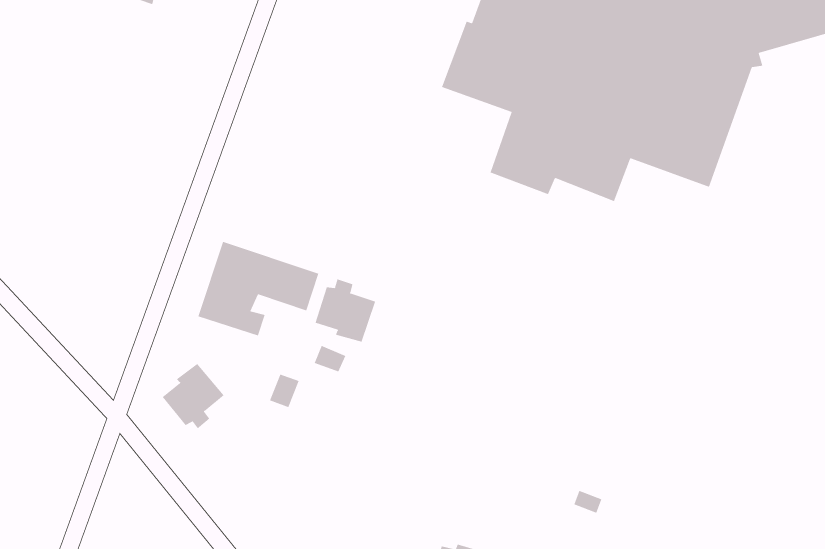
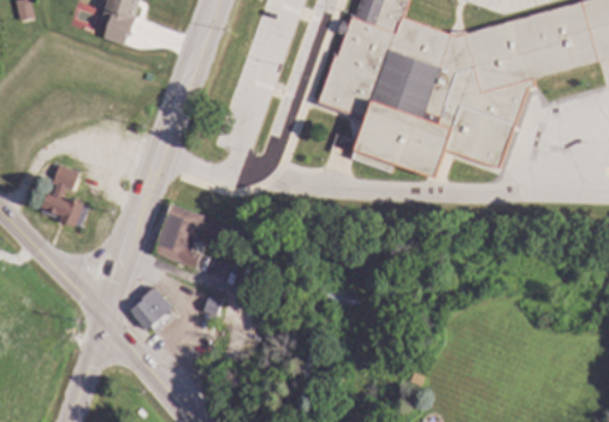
building: none -> [40,161,89,226]
building: [315,278,376,342] -> none

